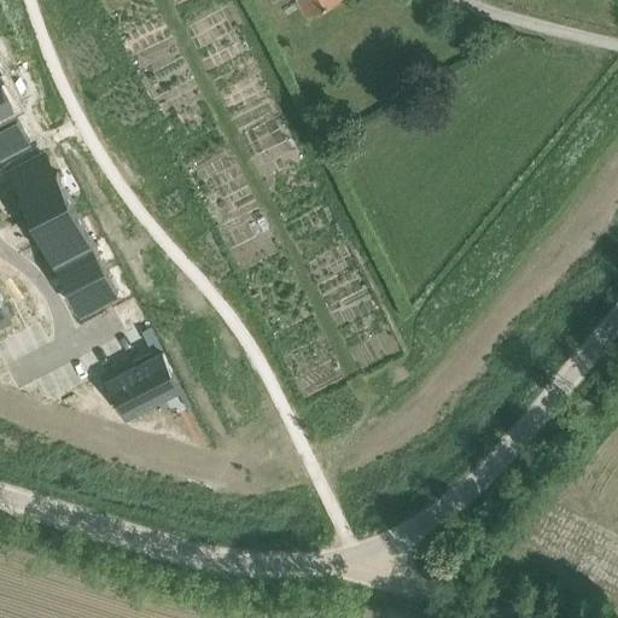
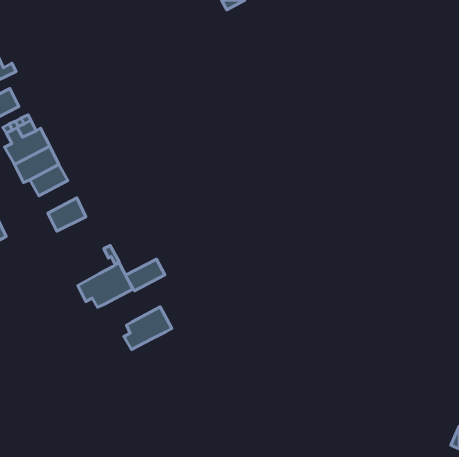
building: [52,247,103,291] -> none
building: none -> [126,259,165,291]
building: none -> [124,307,172,350]

